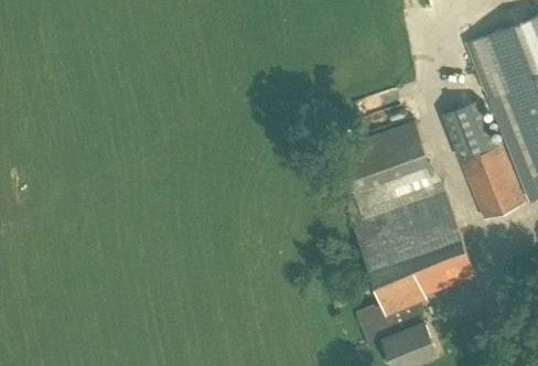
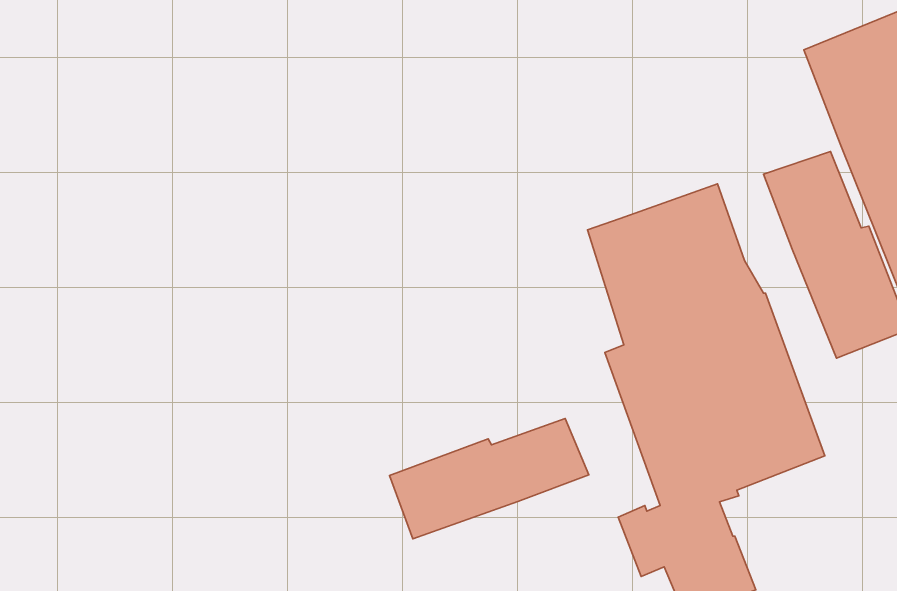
building: none -> [390,418,589,539]

